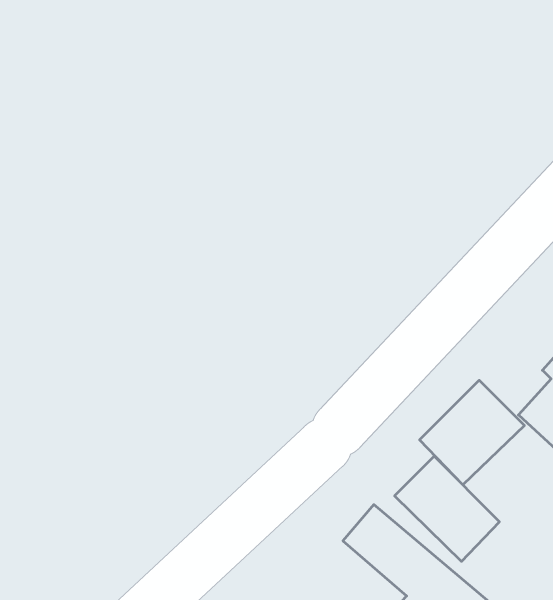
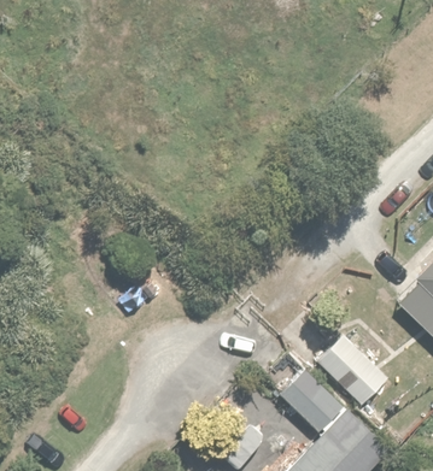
building: [420,380,524,485] -> none

